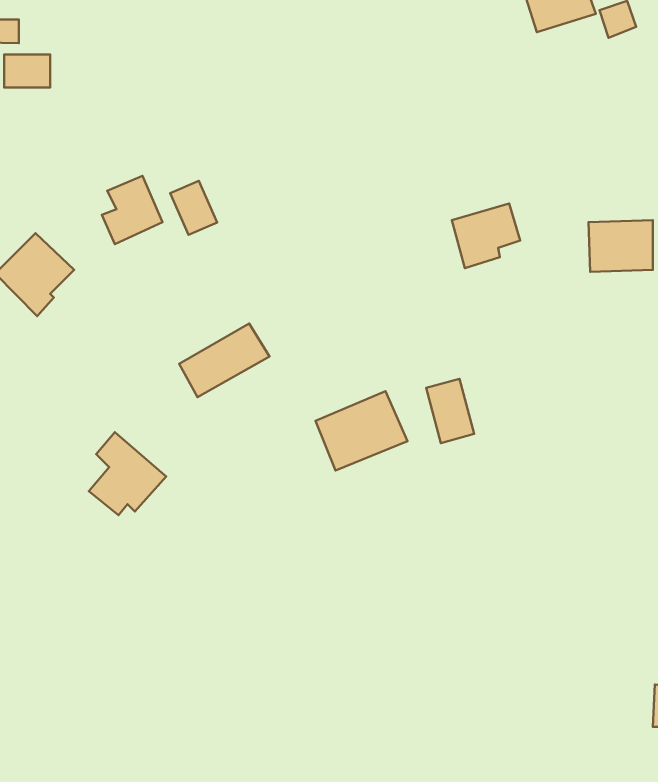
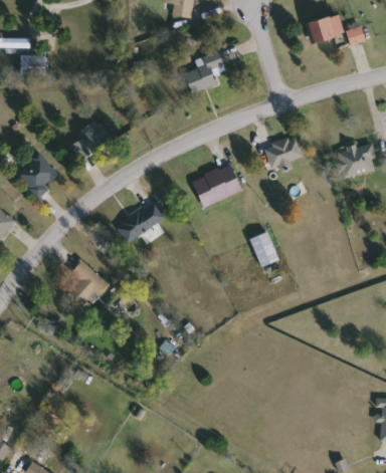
building: none -> [184,51,224,93]
building: [170,181,217,235] -> none
building: [315,391,408,471] -> [192,164,242,207]

